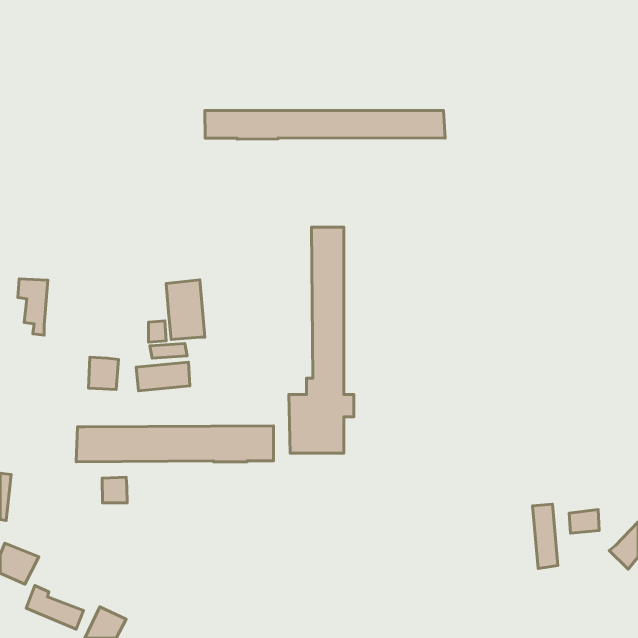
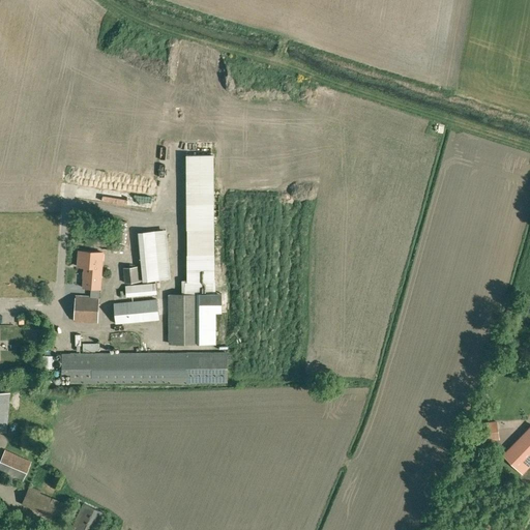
building: [205,110,445,139] -> none
building: [289,227,354,453] -> [168,155,222,343]
building: [18,279,48,335] -> [77,252,101,298]
building: [102,477,127,503] -> none
building: [533,504,558,568] -> none

